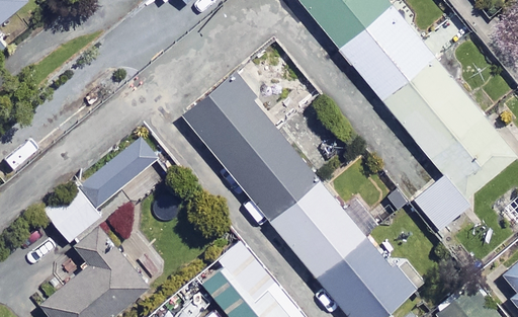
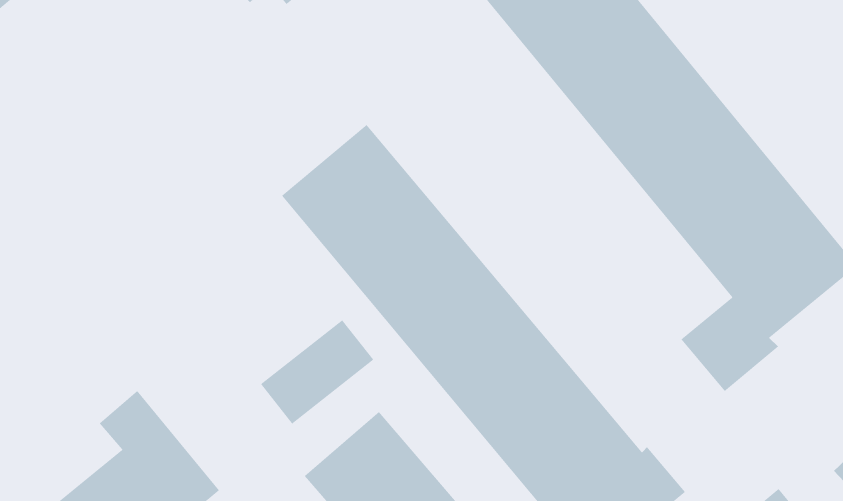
building: [82,141,148,202] -> [260,319,374,424]
building: [41,184,98,240] -> none

